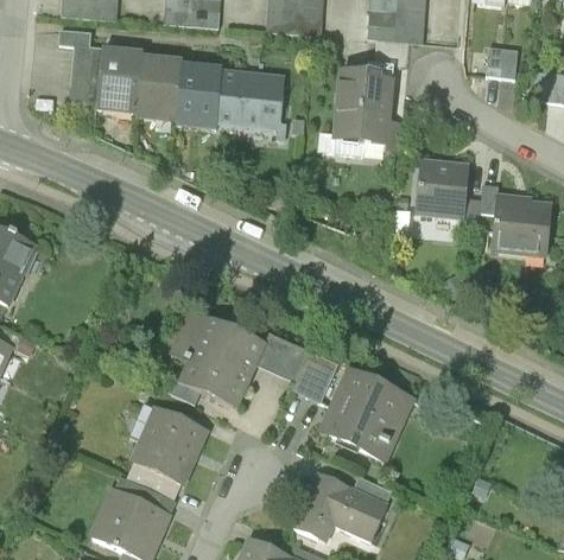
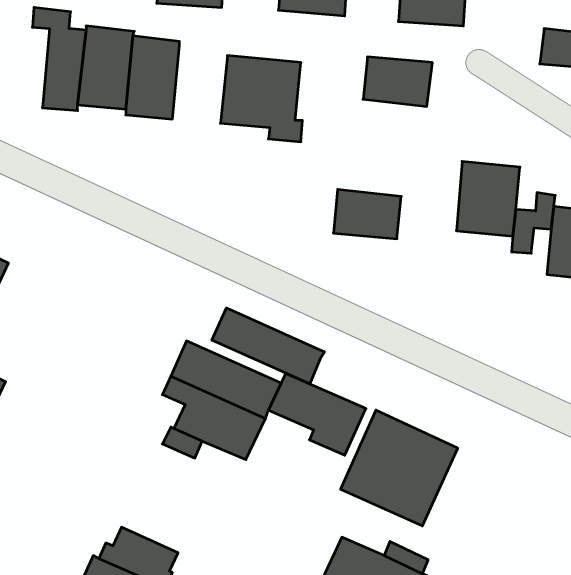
building: [176,59,222,129] -> none
building: [332,104,389,146] -> [333,189,401,239]
building: none -> [212,308,324,384]
building: [128,407,209,486] -> none

